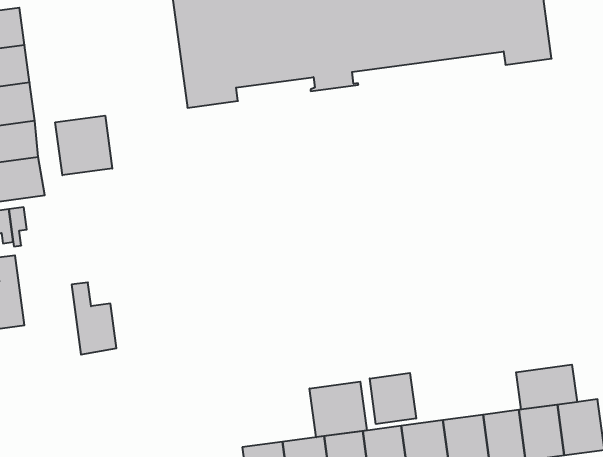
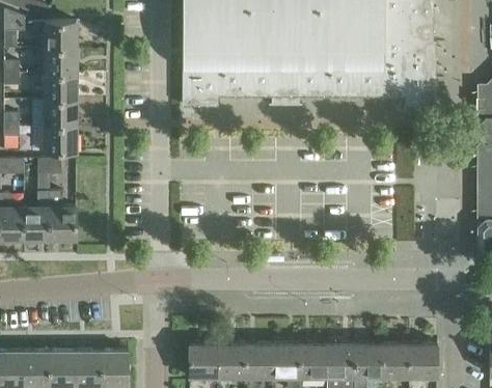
building: [55,116,112,175] -> none
building: [72,282,116,355] -> [51,192,76,241]
building: [516,365,577,410] -> none
building: [370,373,416,424] -> none
building: [310,382,367,437] -> none

